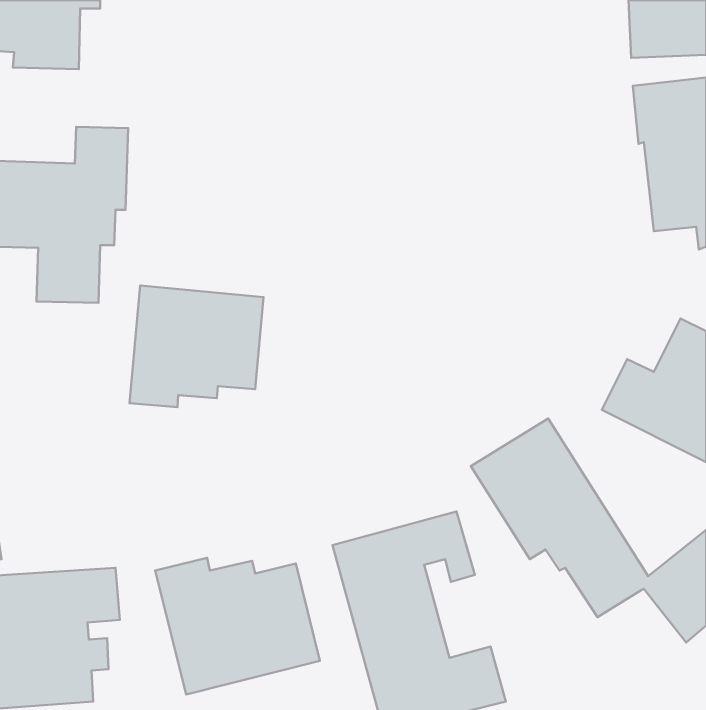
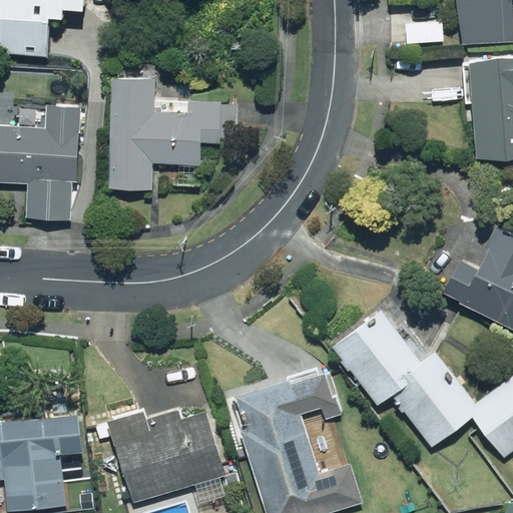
building: none -> [108,69,227,193]
building: [130,286,263,407] -> none

